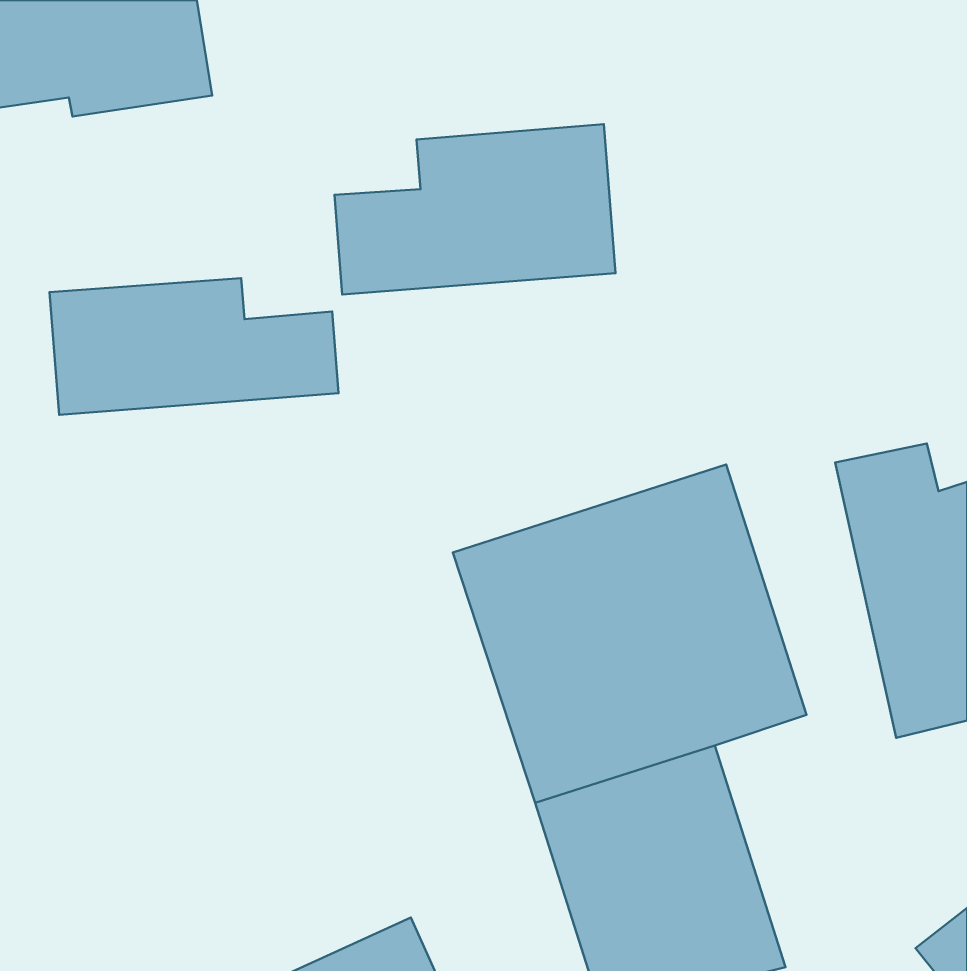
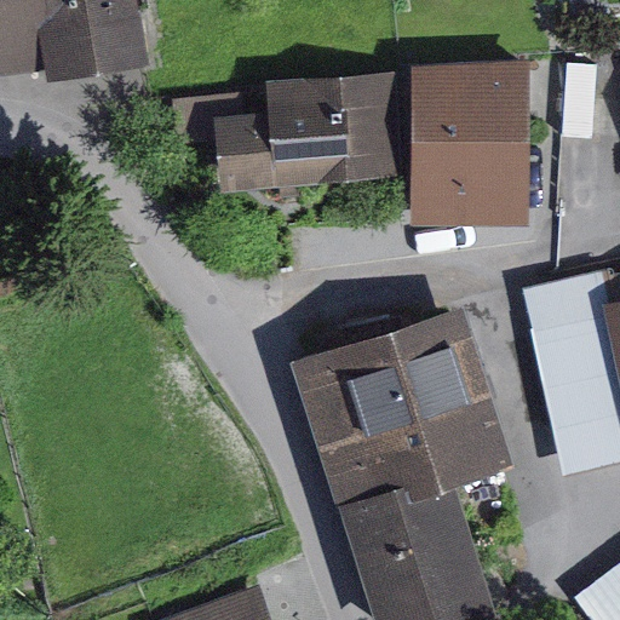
building: none -> [413,76,516,224]
building: [50,278,338,415] -> none

